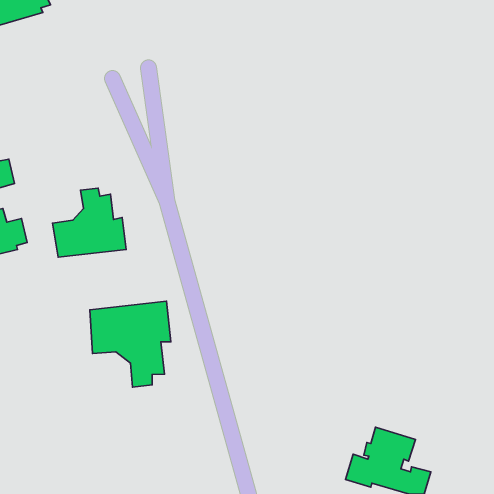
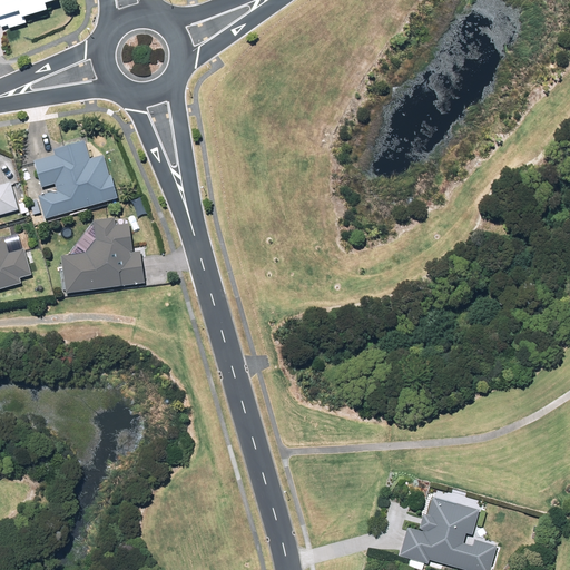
building: none -> [32,140,119,217]
building: [90,301,171,387] -> none

